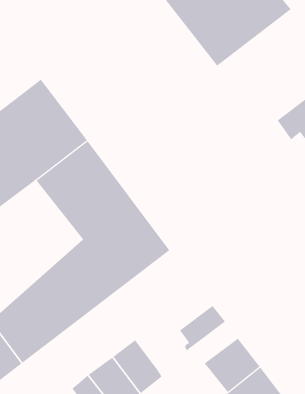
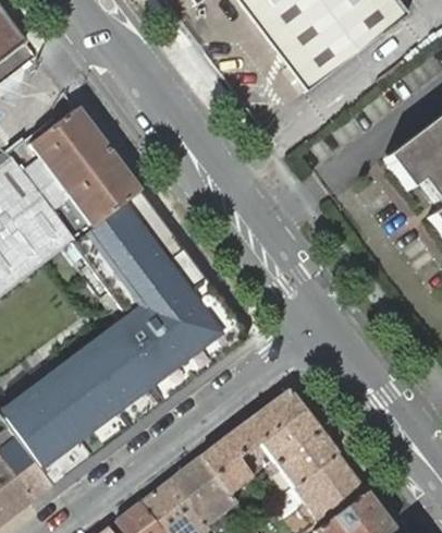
building: none -> [199,388,302,492]
building: none -> [267,428,335,484]

